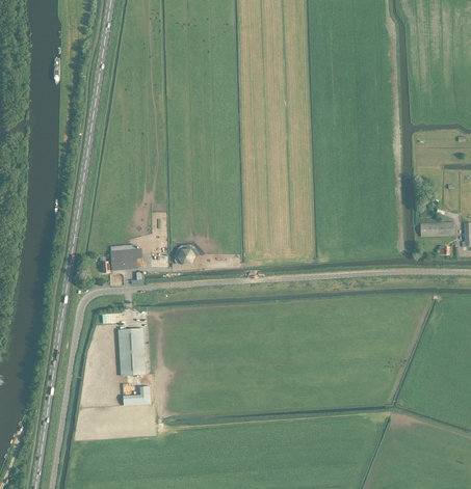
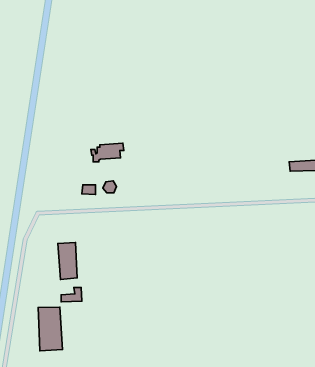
building: [99,247,141,271] -> [91,143,124,162]
building: none -> [38,307,62,351]

